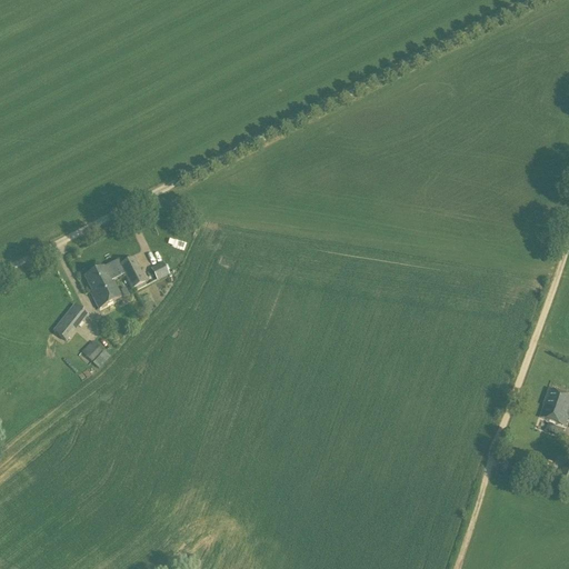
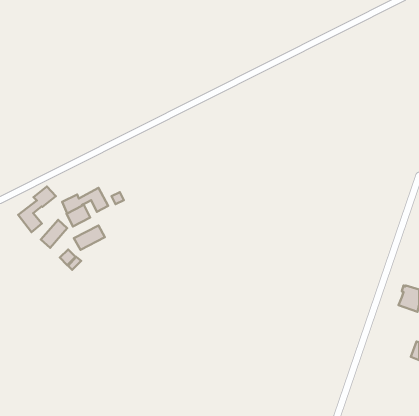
building: none -> [18,186,56,232]
building: none -> [74,225,105,250]

